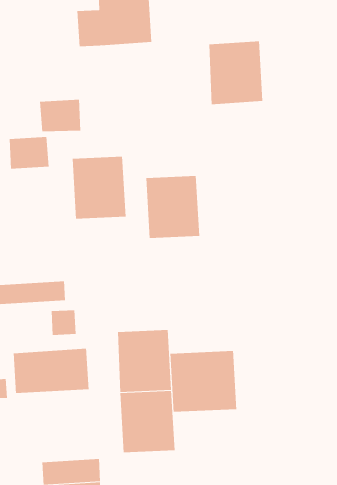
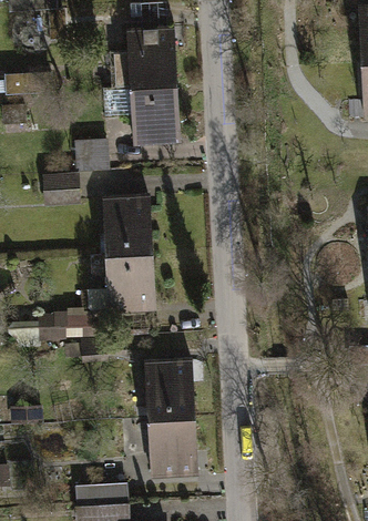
building: [209,41,263,105] -> [129,85,181,146]
building: [145,176,200,238] -> [104,252,156,311]
building: [13,348,89,394] -> none
building: [170,350,237,413] -> none

